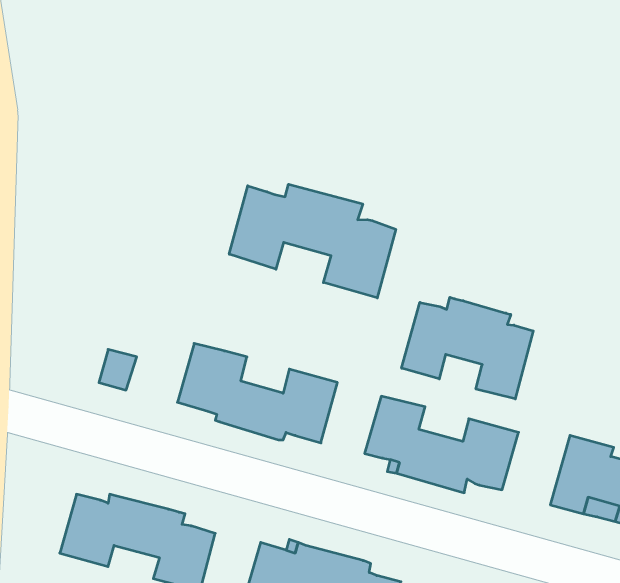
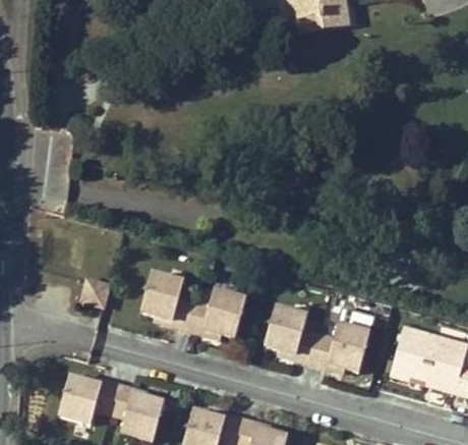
building: [229,184,396,298] -> none
building: [402,297,533,399] -> none

